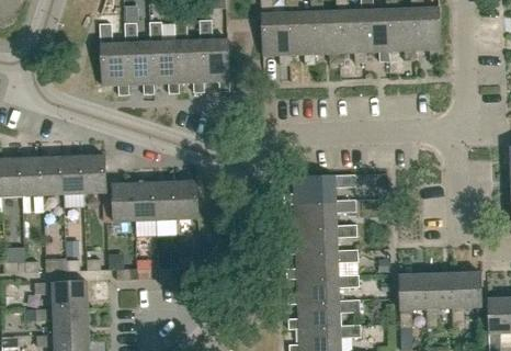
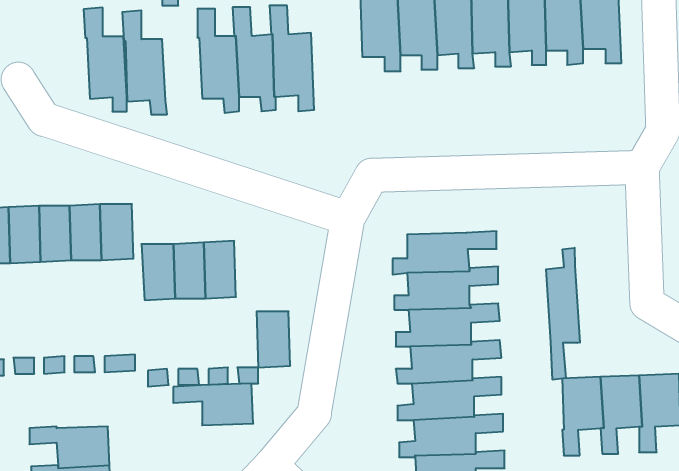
building: [124,21,154,92] -> [84,8,127,112]
building: [175,180,198,218] -> [257,311,290,367]
building: none -> [546,248,580,380]
building: [34,280,89,308] -> [173,384,253,425]

